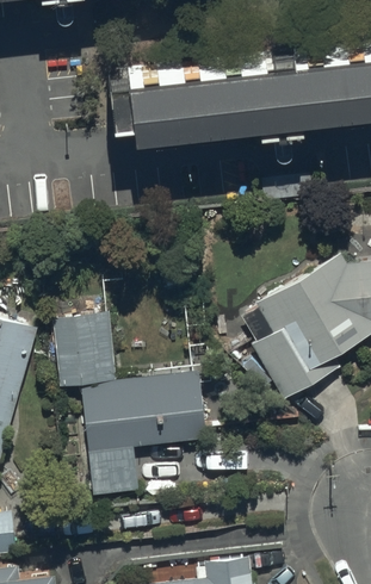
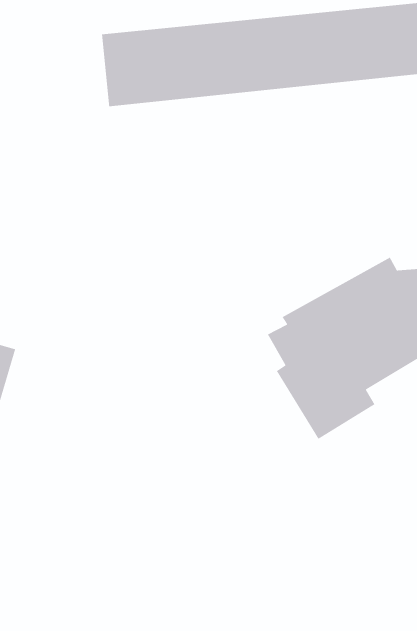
building: [56,319,206,498] -> none

